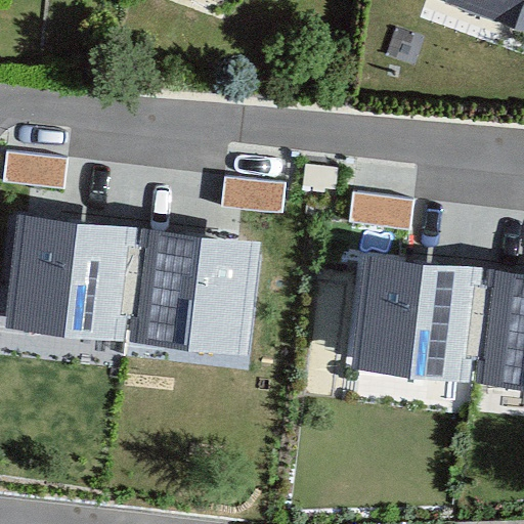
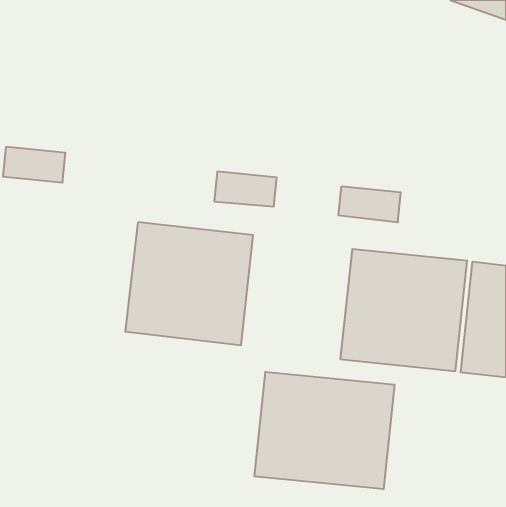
building: [4,215,137,342] -> none
building: none -> [255,372,394,489]

